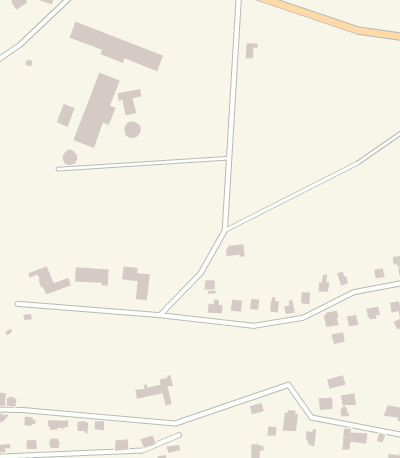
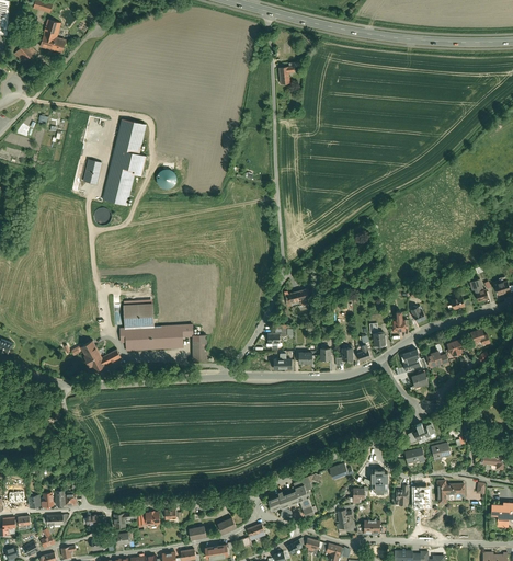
building: [69,21,164,72] -> none
building: [117,88,142,116] -> none
building: none -> [124,304,153,332]
building: [134,375,174,406] -> [271,478,315,513]

